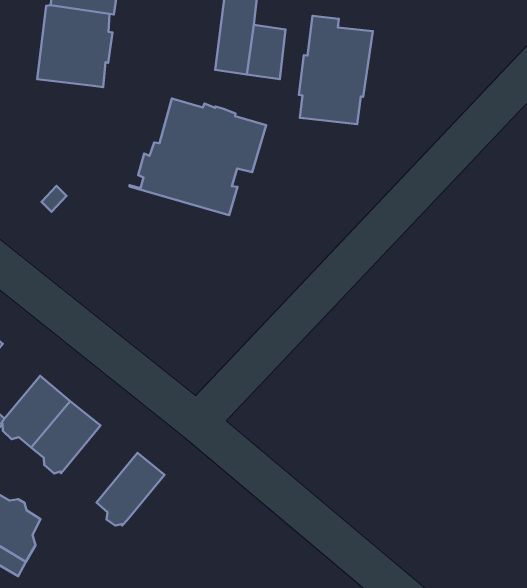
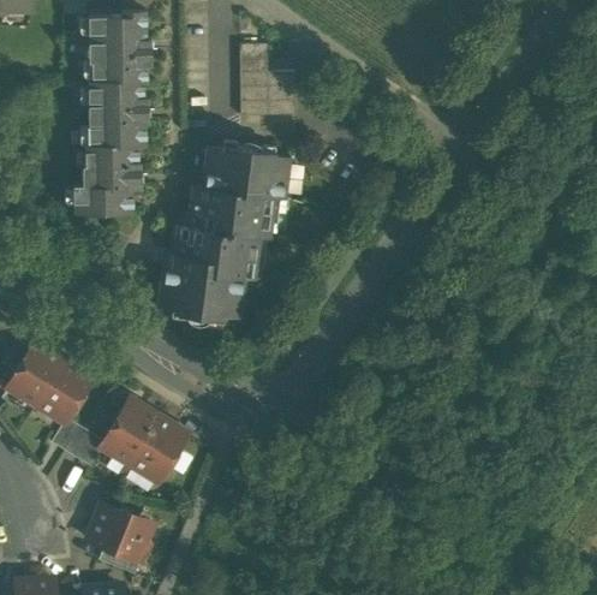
building: [299,16,373,124] -> none
building: none -> [73,144,141,213]
building: none -> [156,226,261,317]
building: [96,453,165,526] -> none

